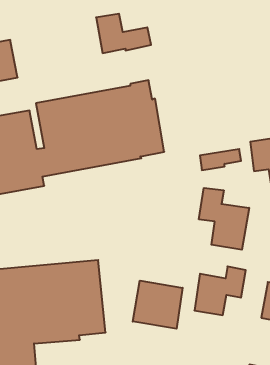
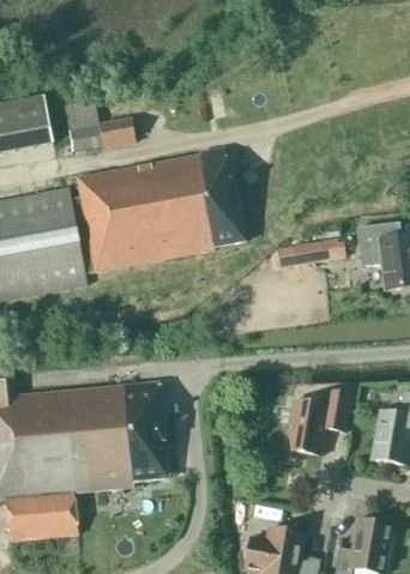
building: [96,14,151,53] -> [64,99,135,151]
building: [199,188,249,250] -> none
building: [133,281,183,329] -> none

